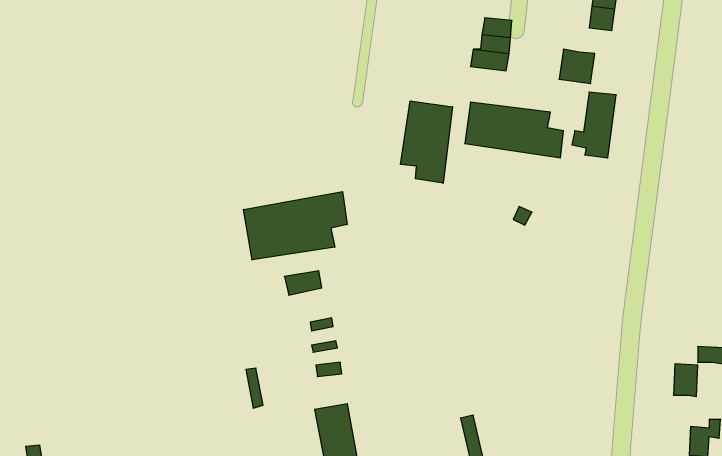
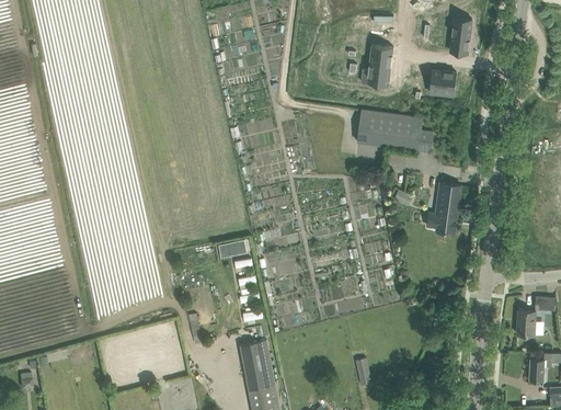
building: [572,92,616,158] -> [426,183,460,234]
building: [400,101,453,183] -> none
building: [244,192,347,260] -> none

